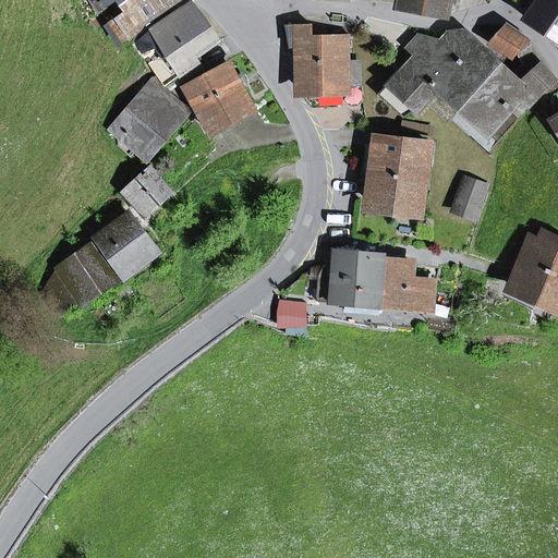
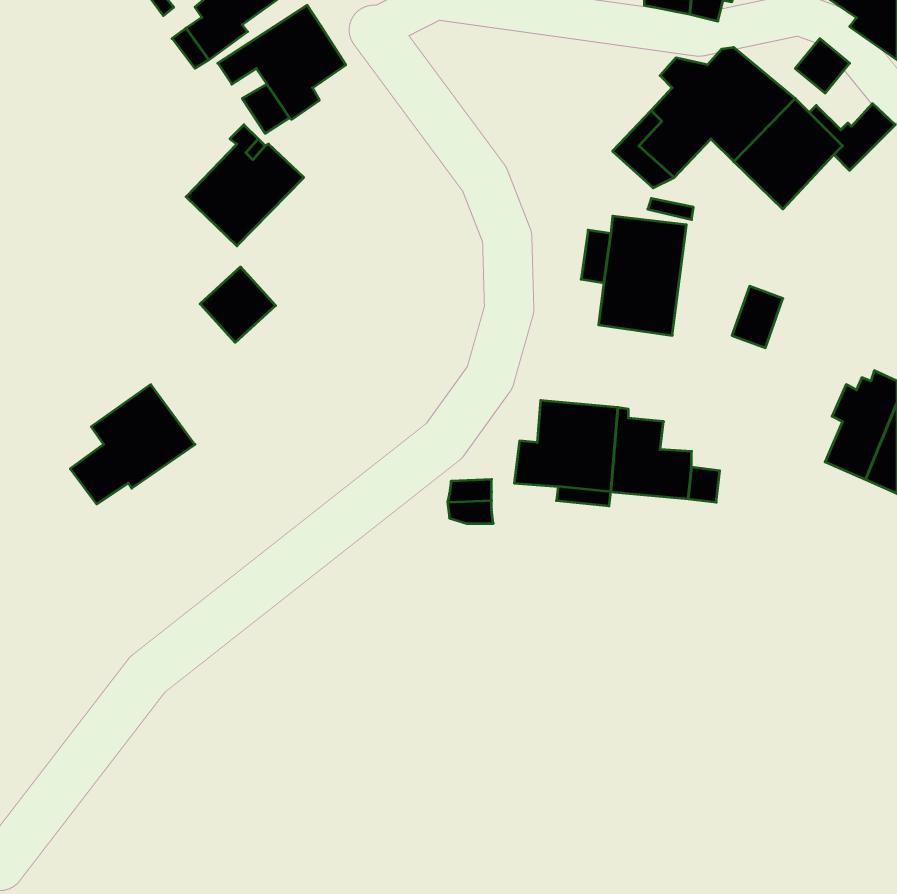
building: [287,23,363,97] -> none
building: [184,61,253,132] -> none
building: [94,214,156,276] -> none

